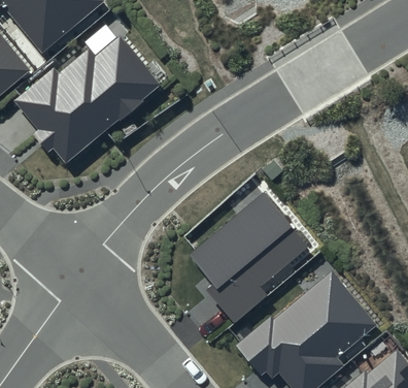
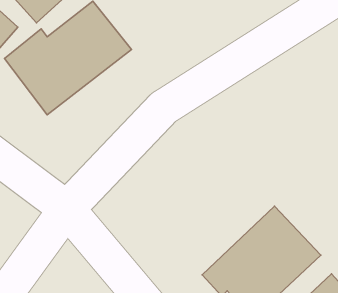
building: [189,196,309,314] -> none

